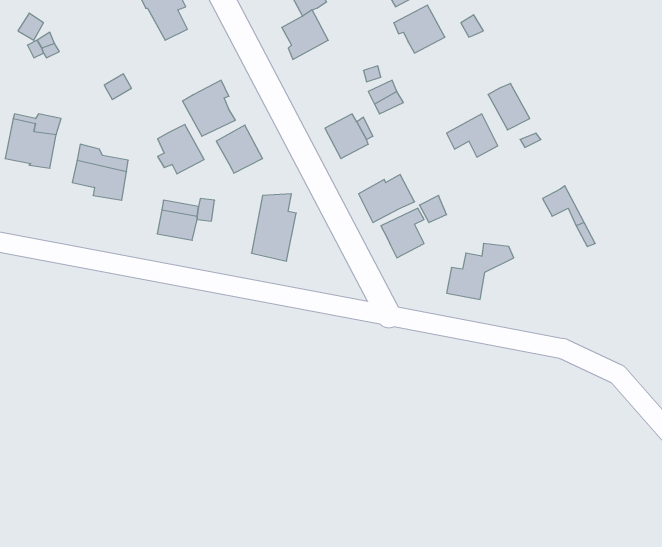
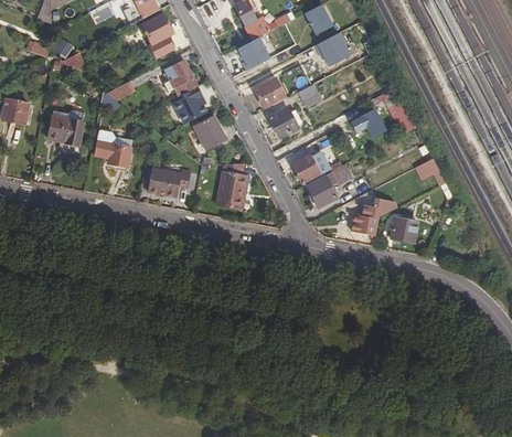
building: none -> [254,76,287,107]
building: [158,124,204,174] -> [164,60,196,94]
building: none -> [391,215,417,242]

